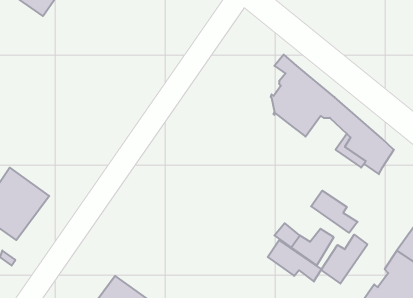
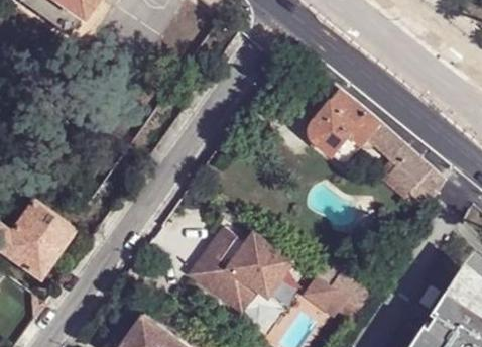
building: [311,191,358,233] -> none
building: none -> [192,229,296,312]
building: [321,235,367,284] -> none

